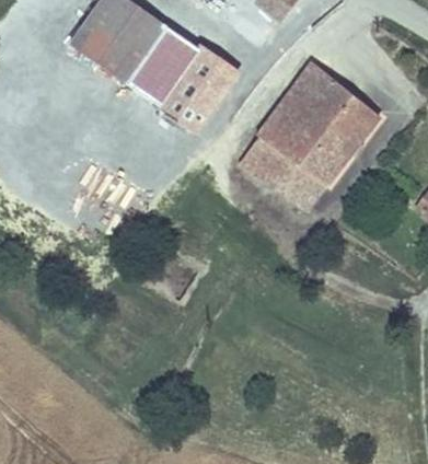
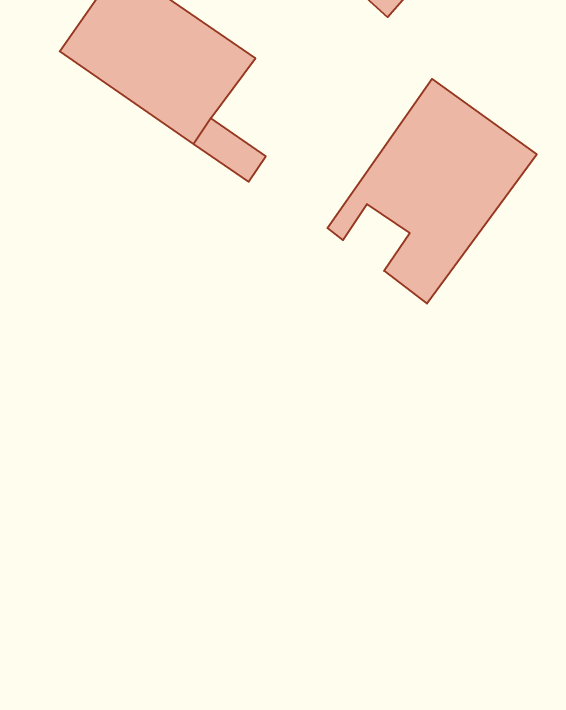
building: [170,47,232,109] -> none
building: [254,140,297,183] -> none

